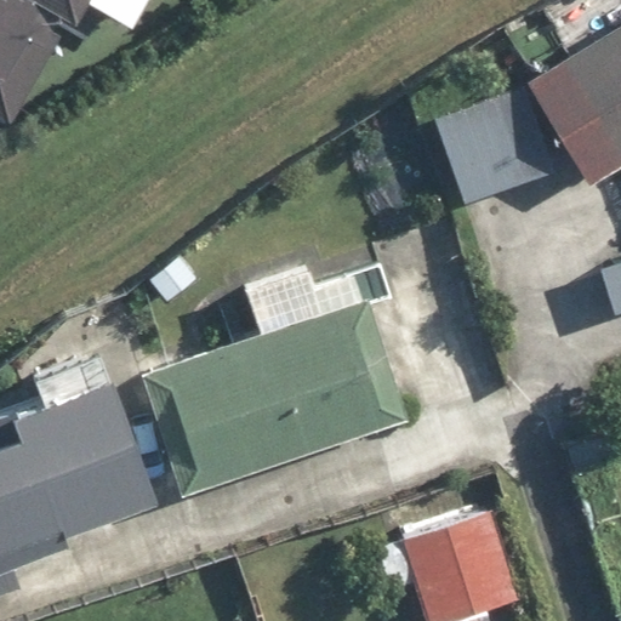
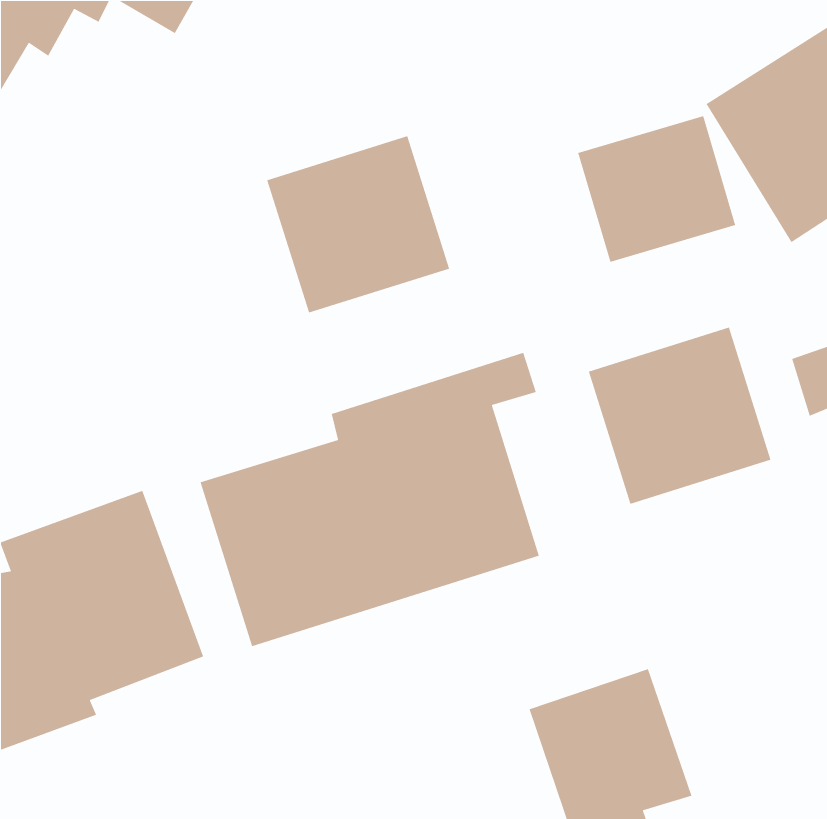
building: none -> [266,135,450,314]
building: none -> [588,327,772,505]

